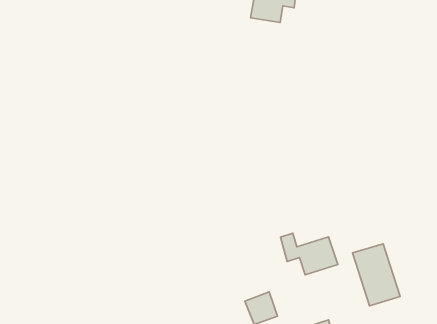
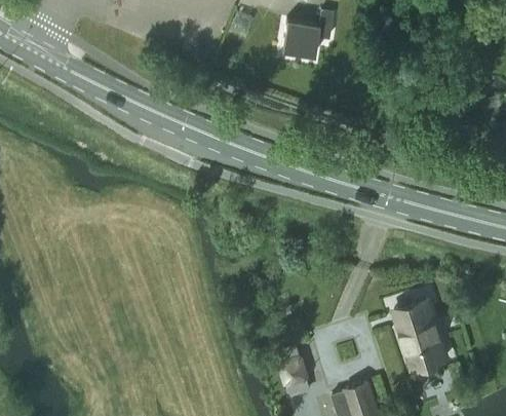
building: [280,233,338,275] -> none

